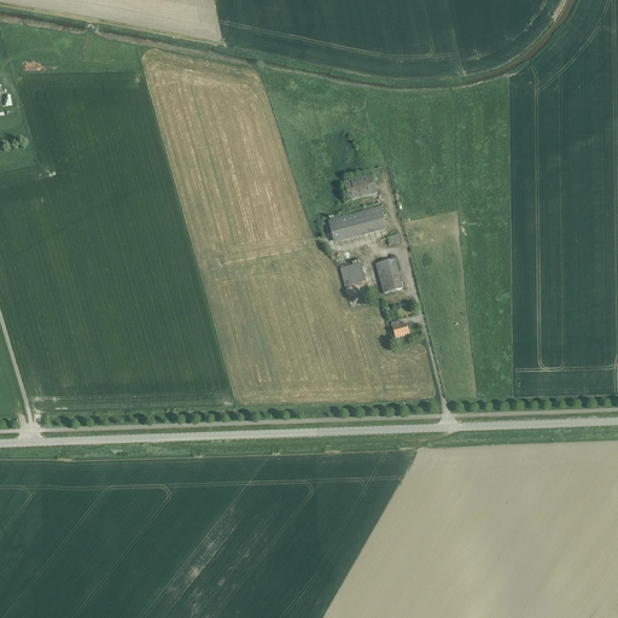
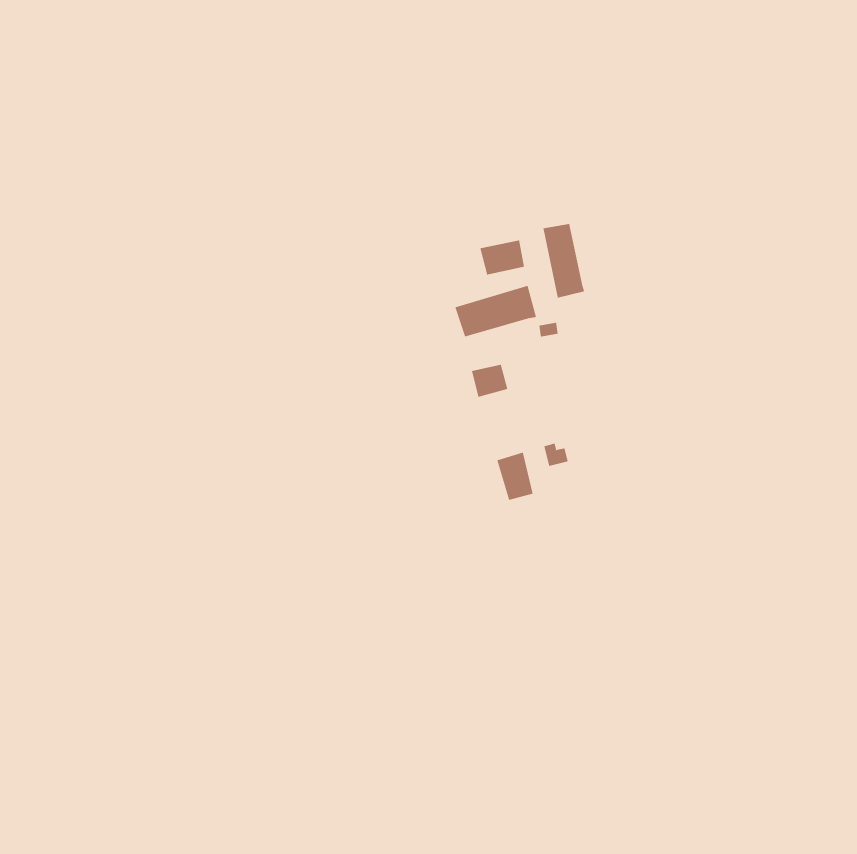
building: none -> [543,223,585,298]
building: [375,257,402,292] -> [497,452,534,501]

